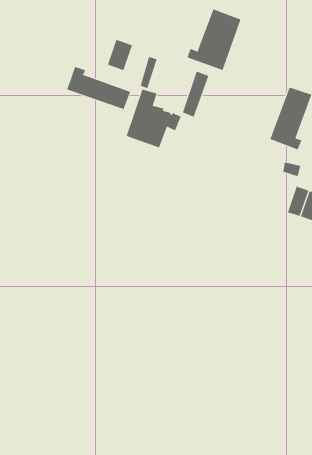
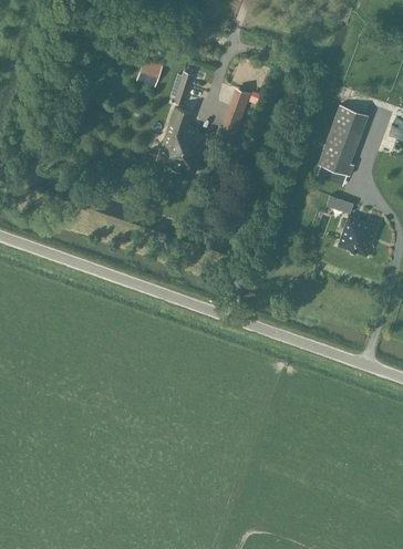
building: [187,8,241,71] -> none
building: [67,66,131,110] -> none

